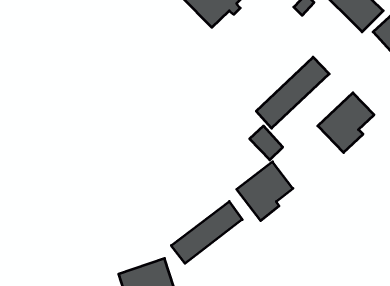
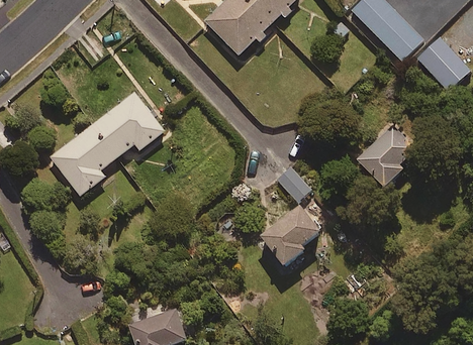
building: [256,57,329,128] -> none
building: none -> [53,92,168,196]
building: [171,201,242,263] -> none

